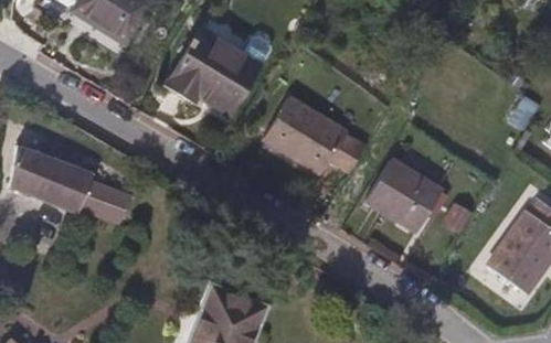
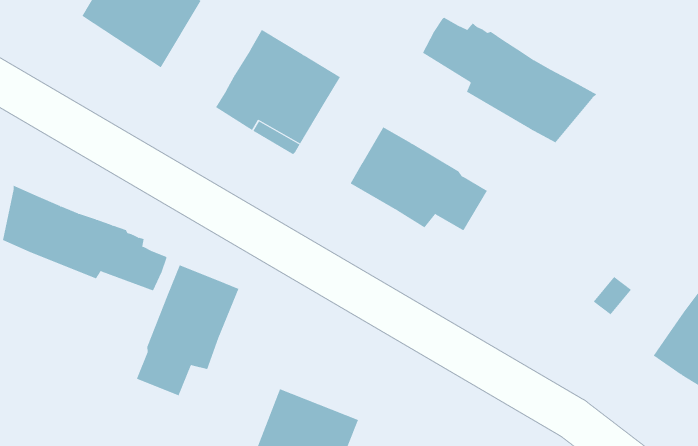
building: none -> [422,17,597,143]
building: [365,159,442,231] -> none
building: none -> [136,264,239,396]

